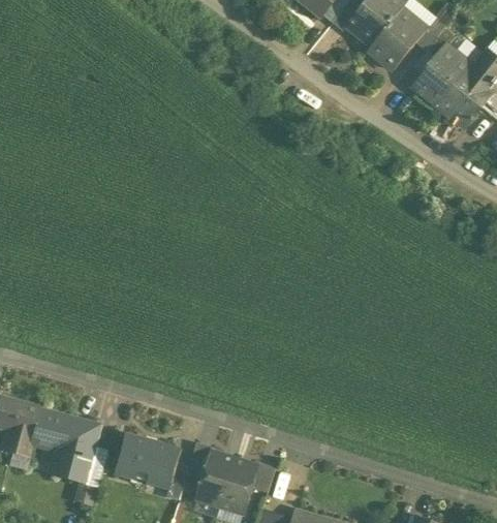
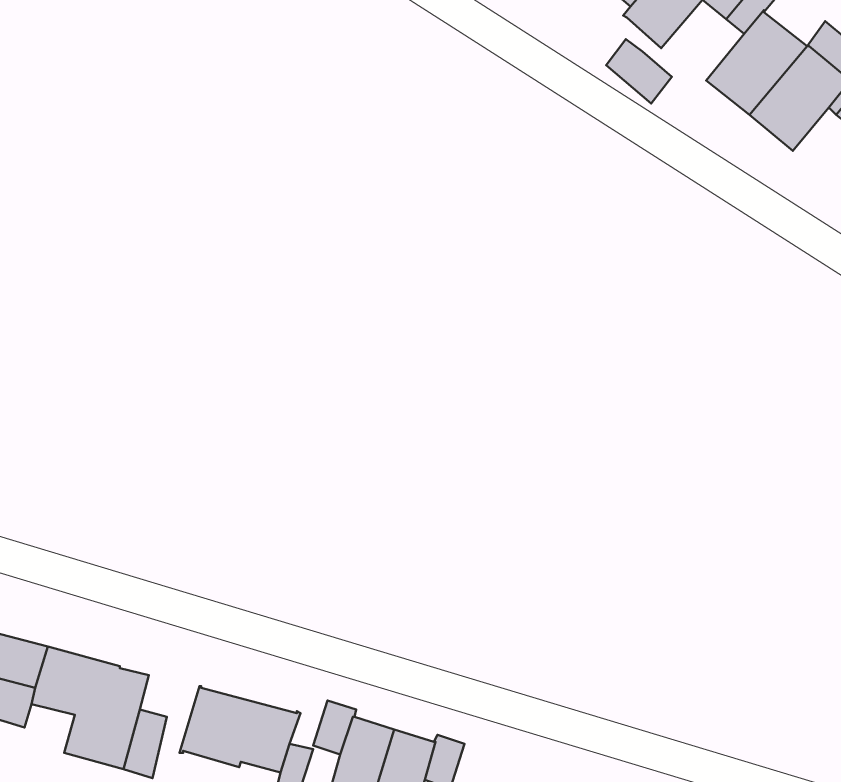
building: none -> [606,39,672,104]

